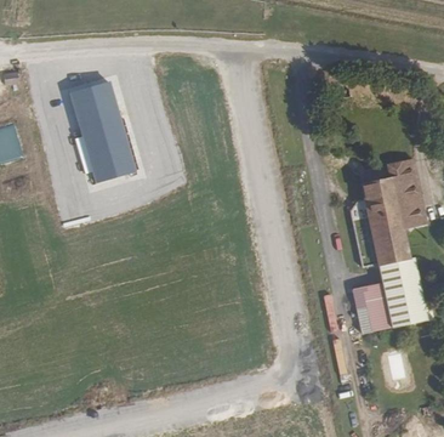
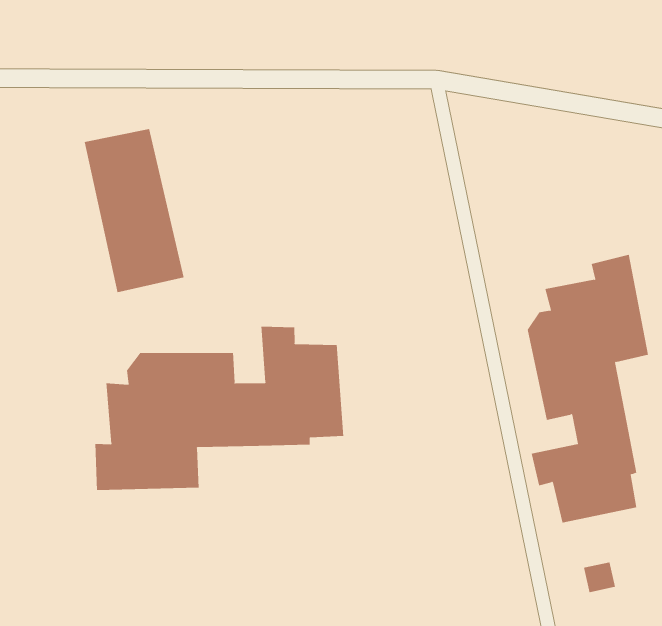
building: none -> [95,326,344,491]

